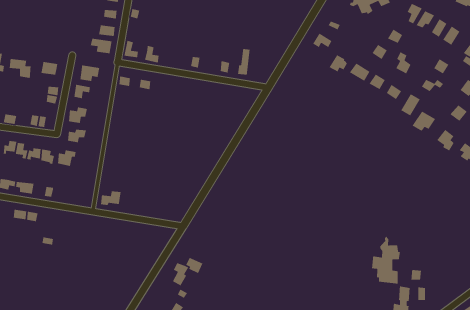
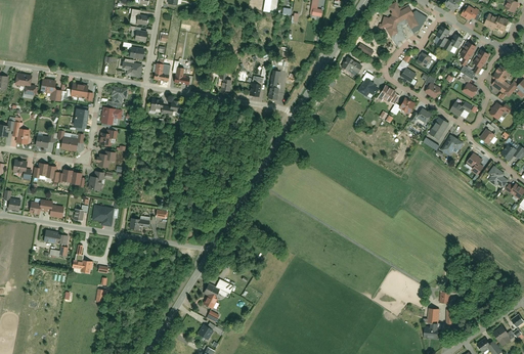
building: none -> [91,205,115,226]
building: [371,236,401,285] -> none

